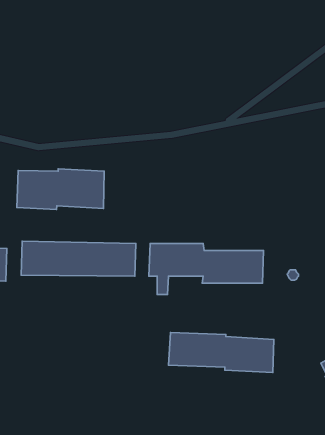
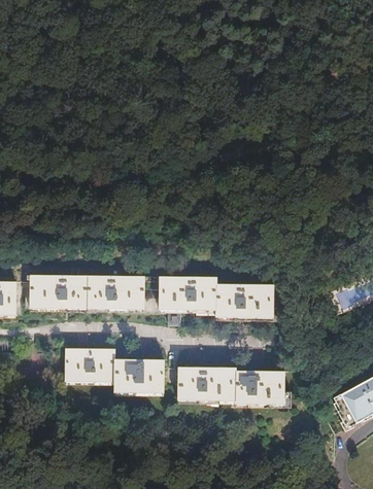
building: [17,169,104,209] -> none
building: none -> [65,347,165,393]

